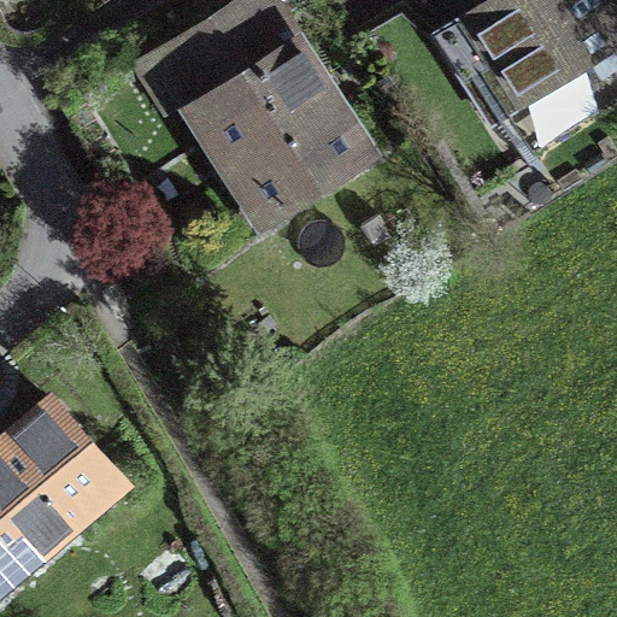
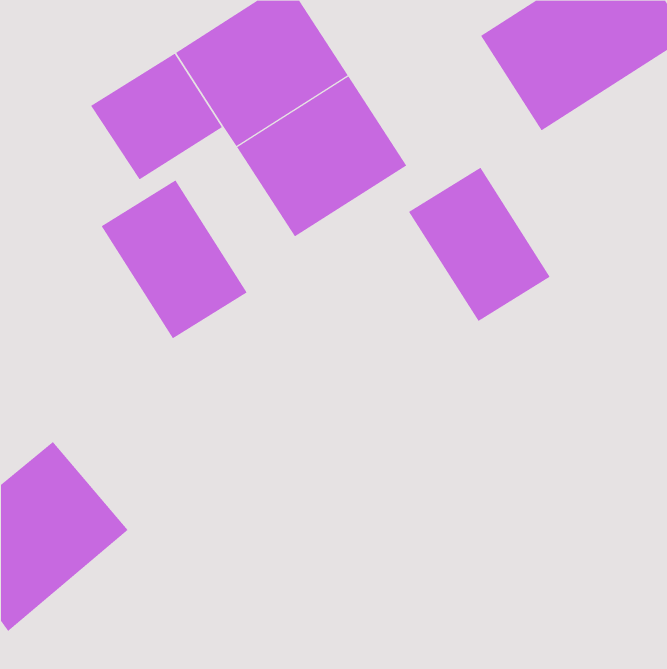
building: none -> [408,167,551,322]
building: none -> [101,180,248,339]

